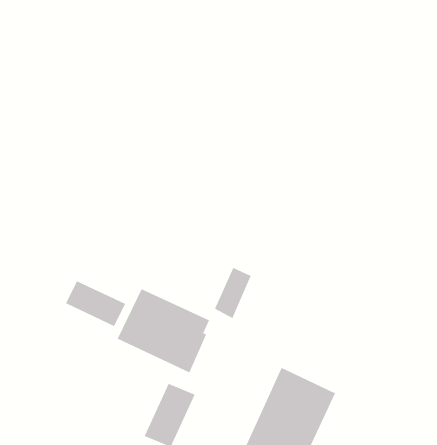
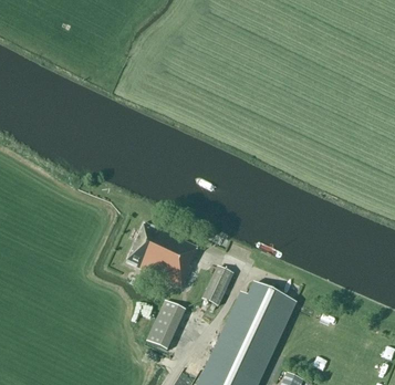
building: [214,267,251,319] -> [201,269,230,309]
building: [65,281,126,327] -> none

